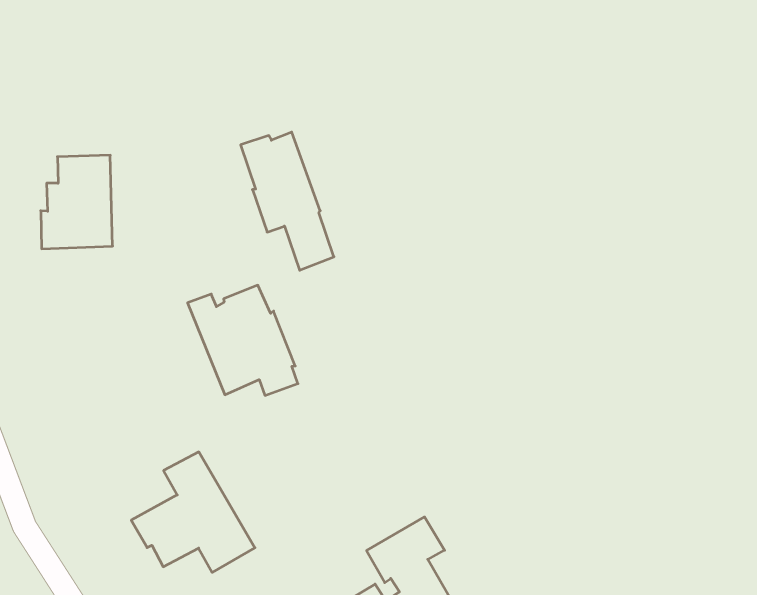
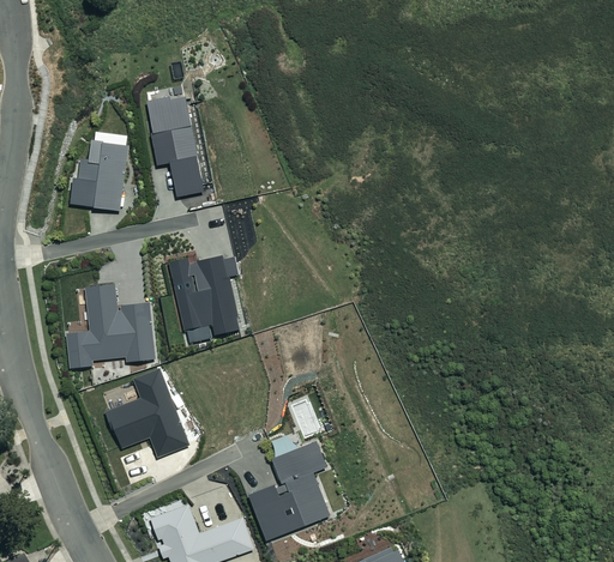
building: [241,132,334,270] -> [146,96,201,197]
building: none -> [64,284,156,369]

